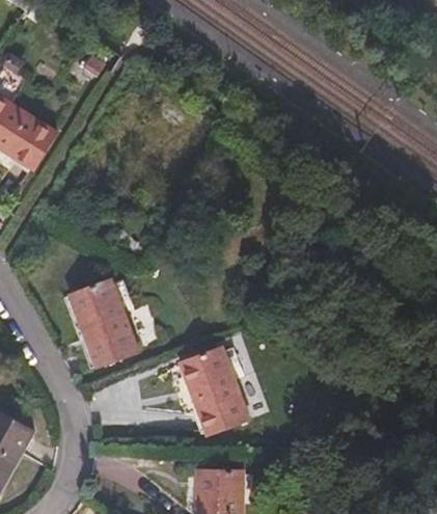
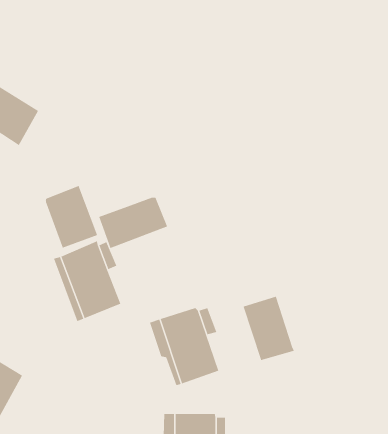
building: none -> [45,185,98,249]
building: none -> [98,197,168,249]
building: none -> [243,296,295,361]

